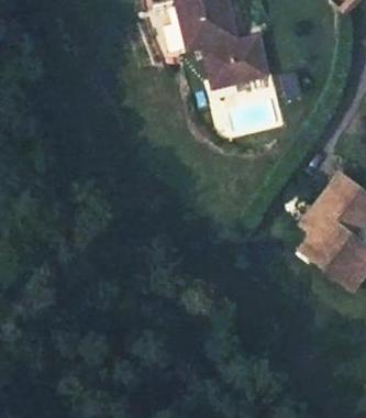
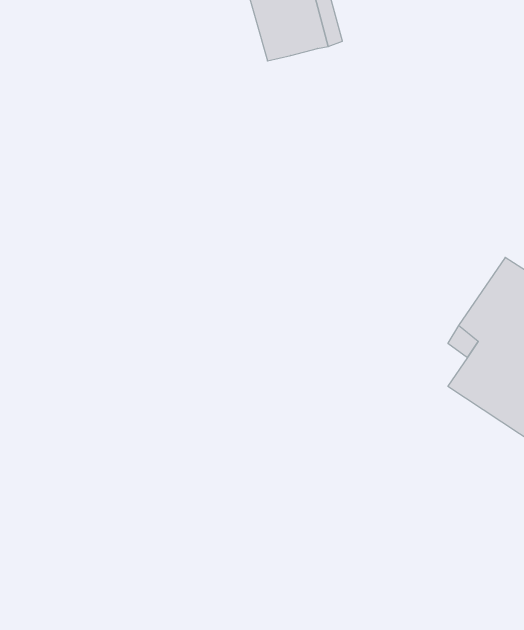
building: [203,38,266,90] -> none

